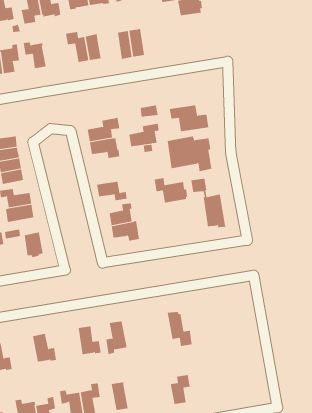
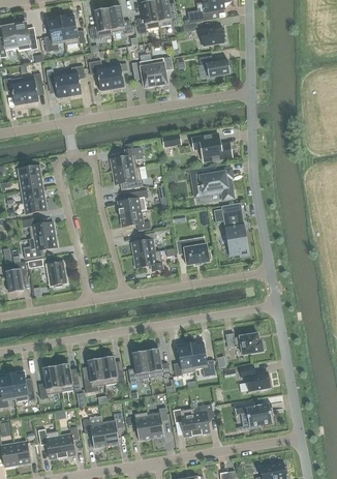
building: none -> [198,54,229,77]
building: none -> [65,65,85,95]
building: [128,123,160,147] -> [117,189,148,213]
building: [154,177,188,203] -> [176,239,210,265]
building: none -> [225,332,265,354]
building: none -> [173,341,195,376]
building: none -> [145,348,170,377]
building: none -> [83,357,104,388]
building: none -> [38,365,60,398]
building: none -> [240,365,270,390]
building: none -> [234,400,272,428]
building: none -> [147,407,167,438]
building: none -> [173,408,196,436]

